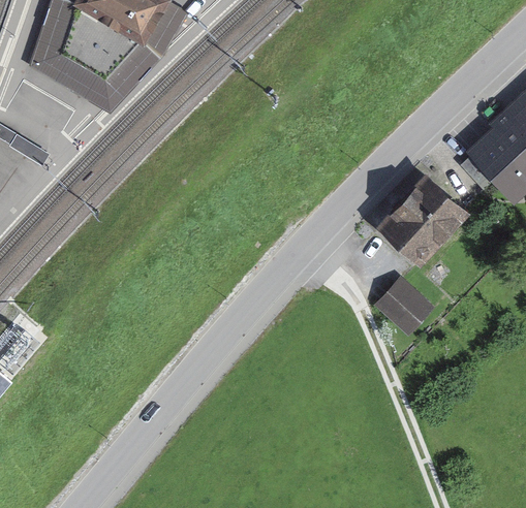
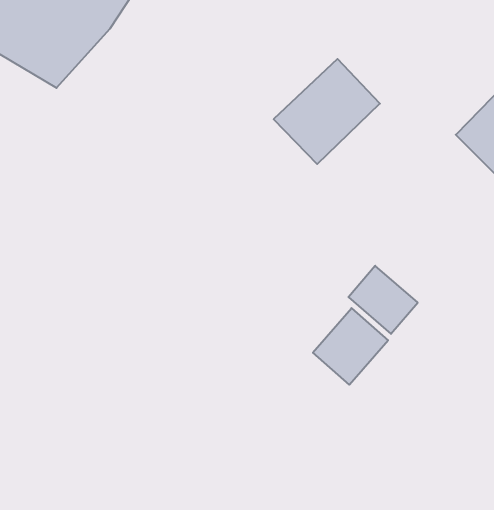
building: [378,171,476,268] -> [274,59,380,164]
building: none -> [313,308,388,385]

